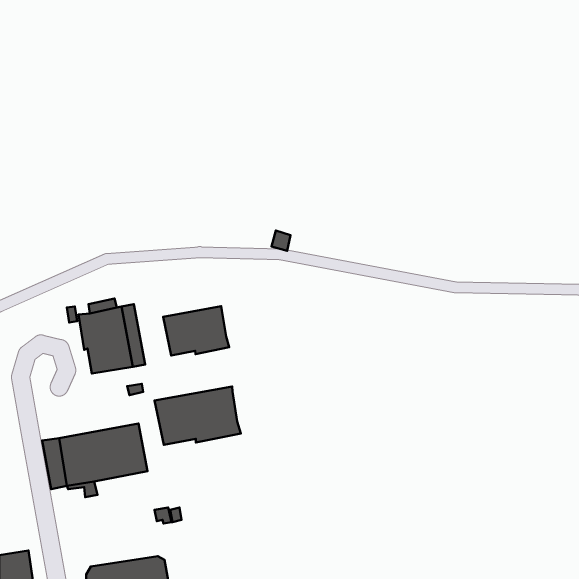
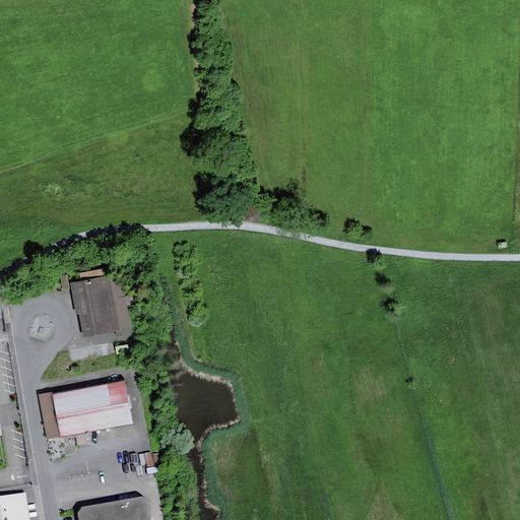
building: [163,306,229,355] -> none
building: [155,386,241,445] -> none

